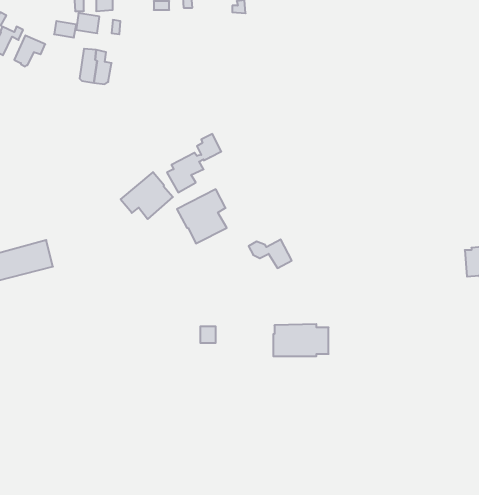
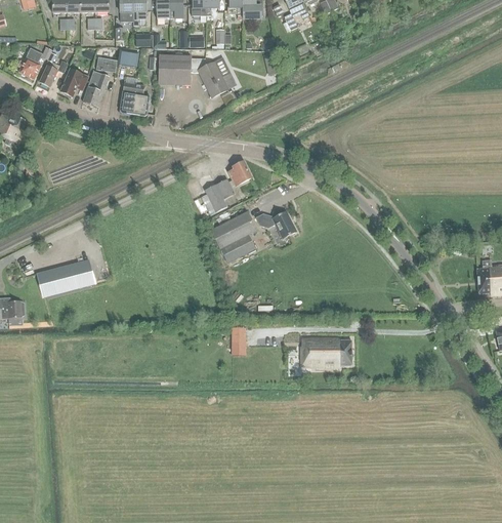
building: none -> [159,53,237,95]
building: none -> [82,69,110,106]
building: [121,172,173,219] -> none
building: [249,239,292,268] -> [255,210,295,237]

